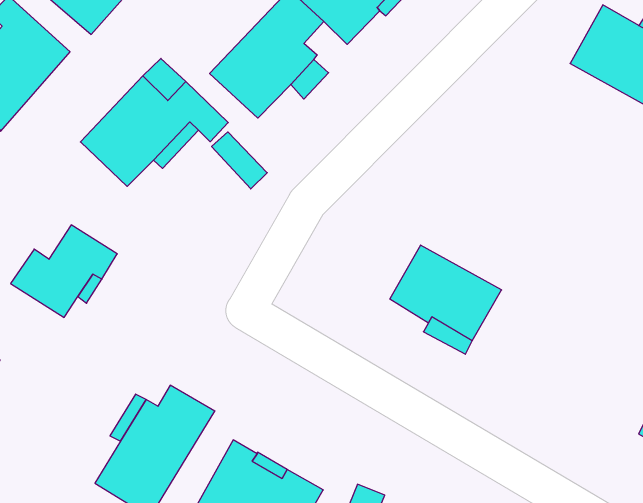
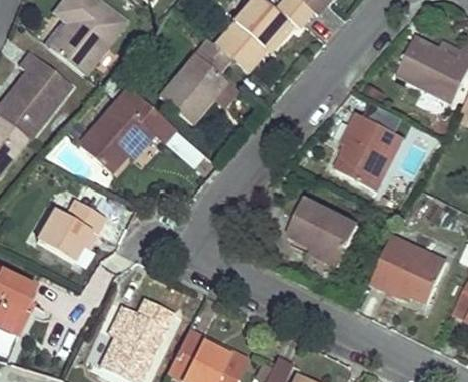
building: none -> [334,113,403,190]
building: none -> [369,232,448,299]

